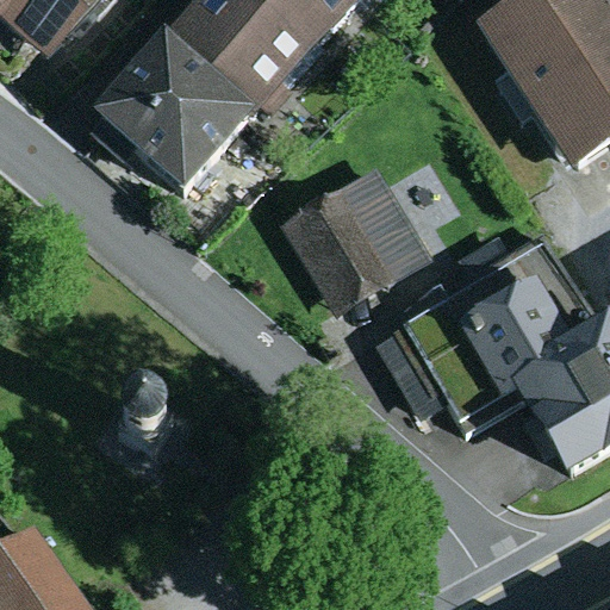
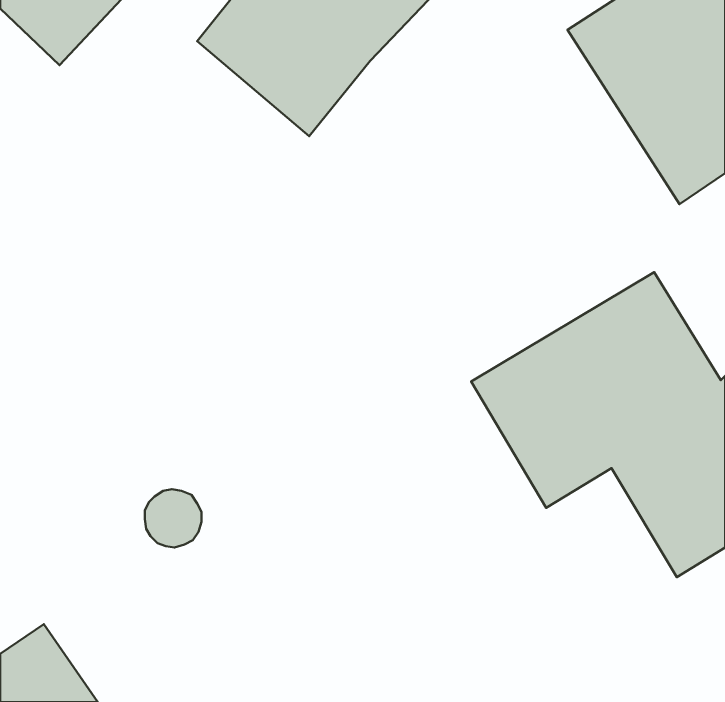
building: [94,35,260,198] -> none
building: [281,160,434,310] -> none

